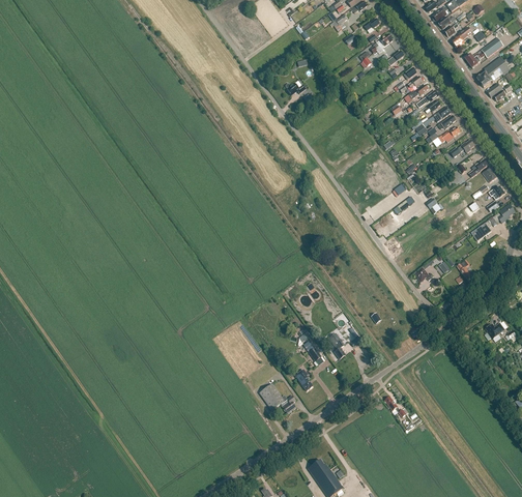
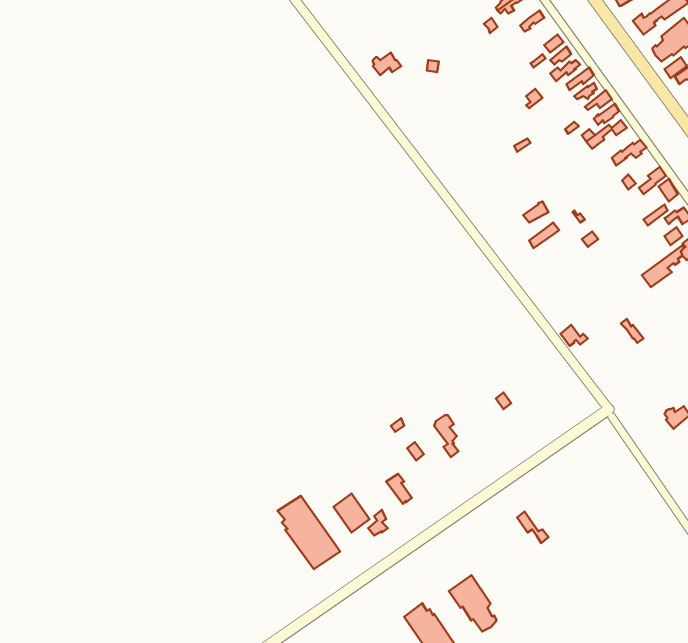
building: none -> [278,496,340,569]
building: none -> [449,575,496,631]

